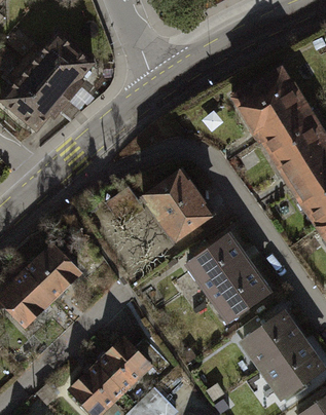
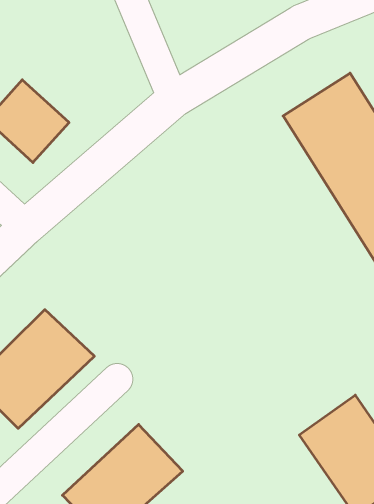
building: [29,34,95,99] -> none
building: [142,165,221,247] -> none
building: [186,231,274,324] -> none

